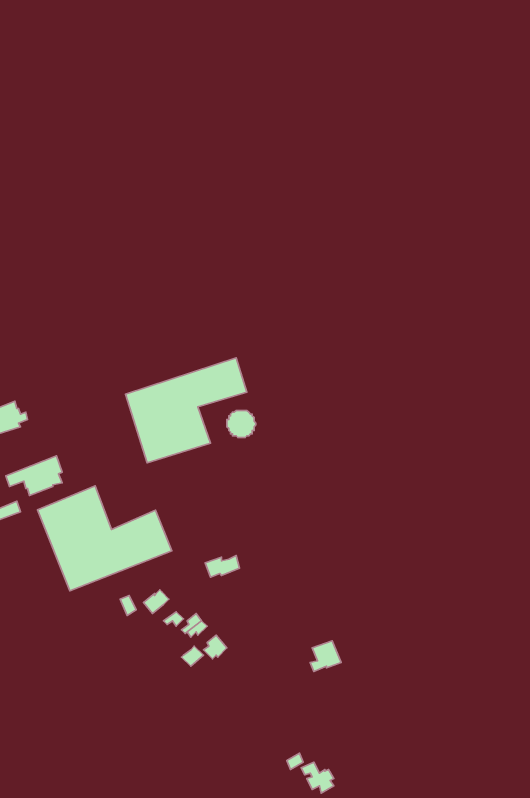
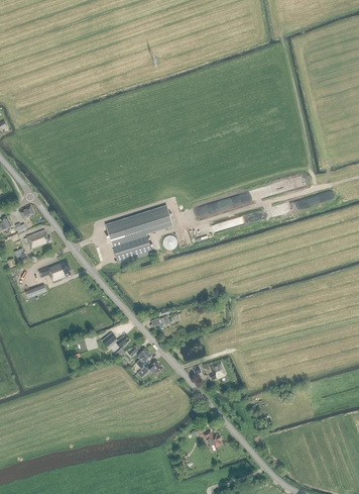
building: [37,486,172,591] -> none

